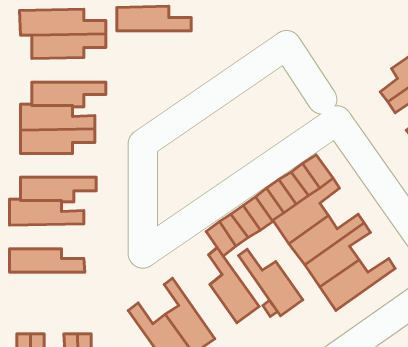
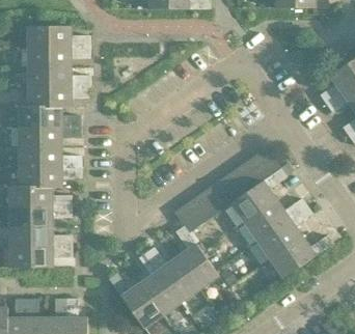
building: [117,6,191,31] -> [27,66,89,87]
building: none -> [18,147,81,167]
building: none -> [8,206,71,227]
building: [239,249,303,316] -> [145,247,199,303]
building: none -> [8,247,72,268]

